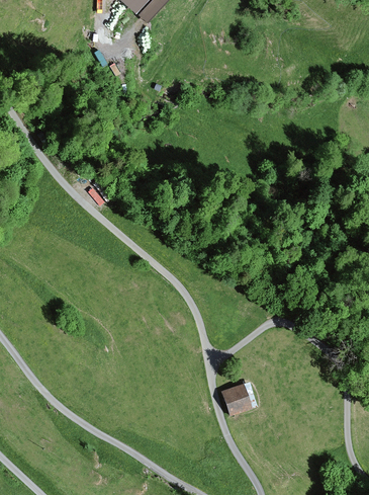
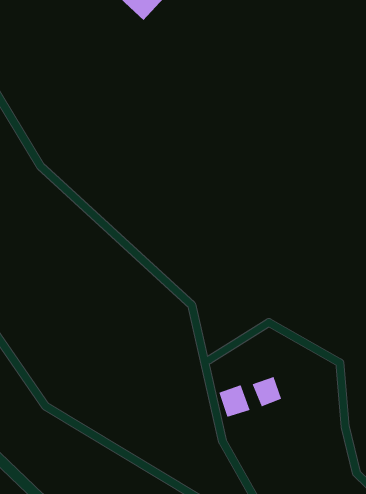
building: none -> [252,376,282,407]

